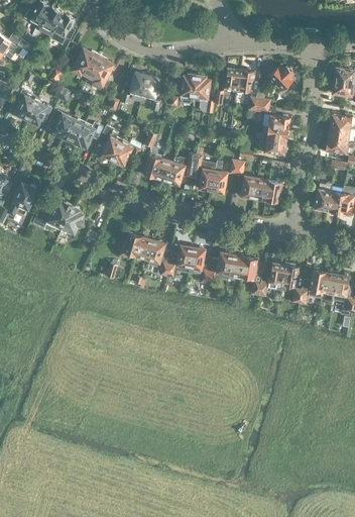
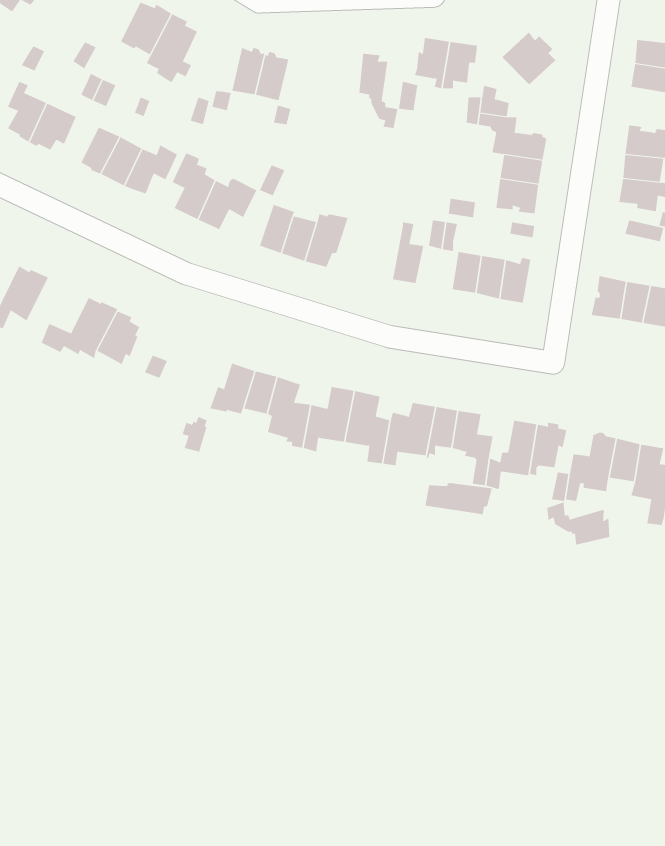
building: [180,74,197,103] -> none
building: [193,153,217,190] -> none
building: none -> [425,482,492,515]
building: none -> [547,501,610,545]

